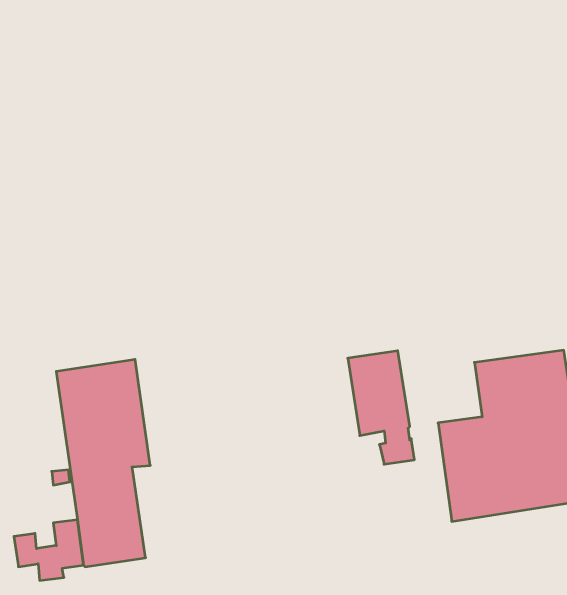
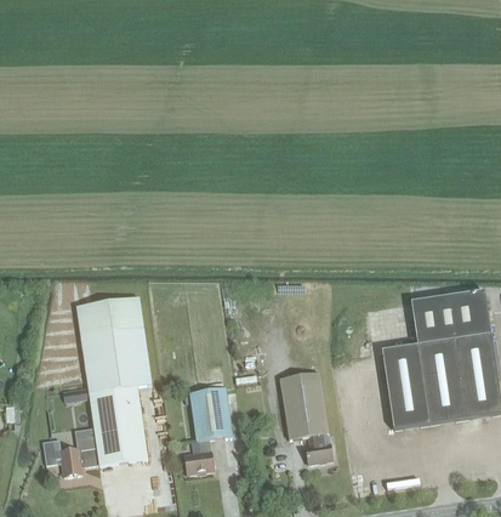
building: [348,351,414,464] -> [279,371,332,462]
building: none -> [184,387,232,473]

